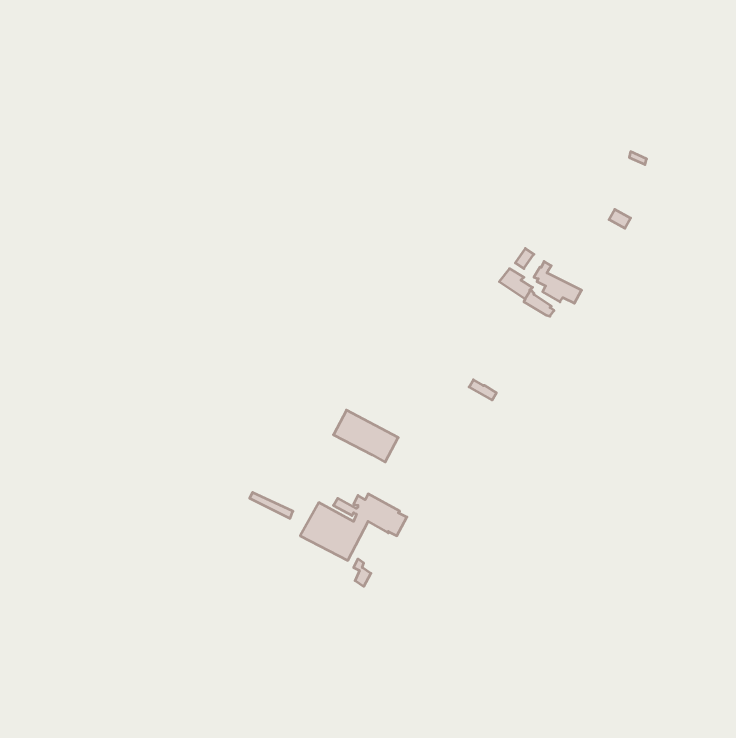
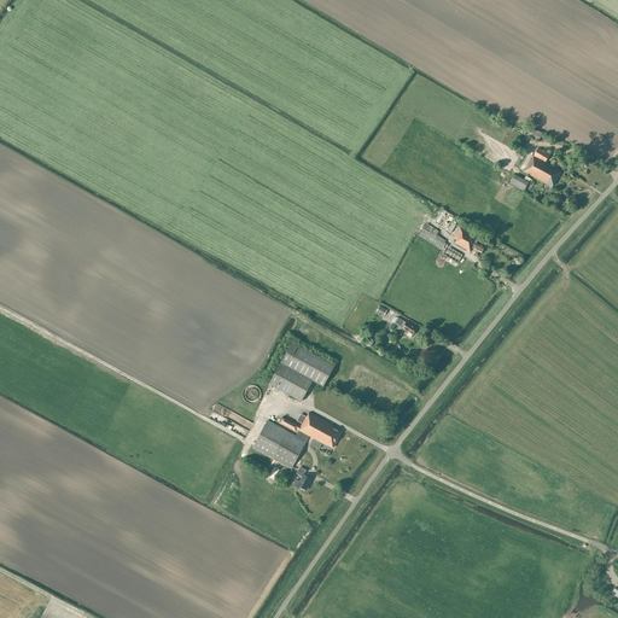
building: none -> [521,148,560,187]
building: none -> [268,363,311,402]

